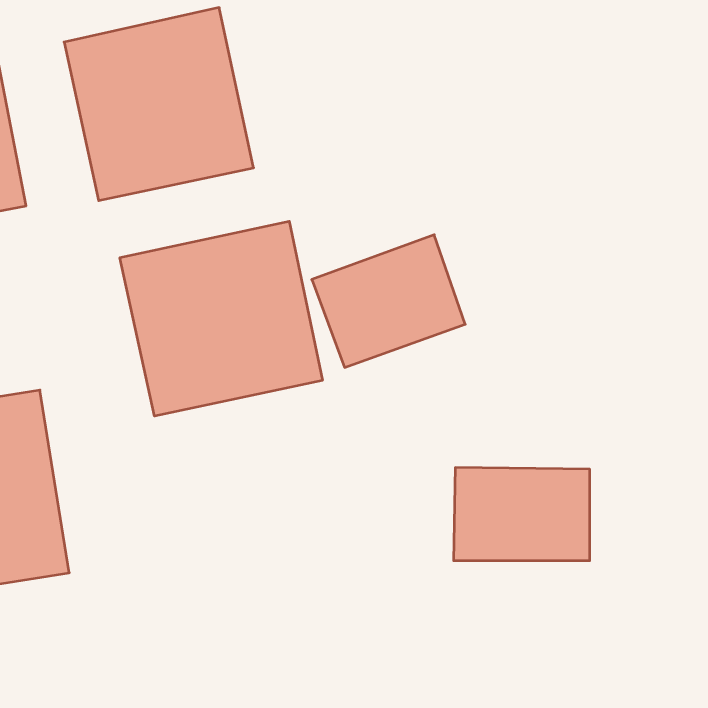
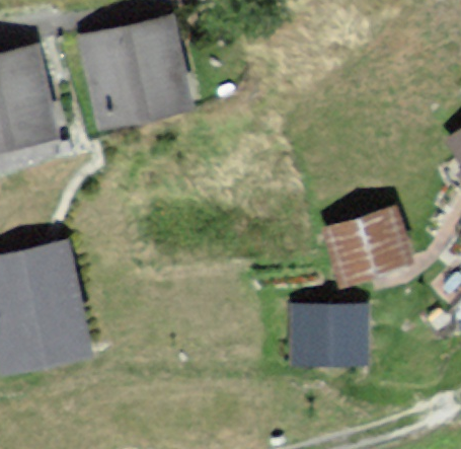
building: [120,221,322,416] -> none
building: [312,235,465,367] -> [337,194,428,272]

